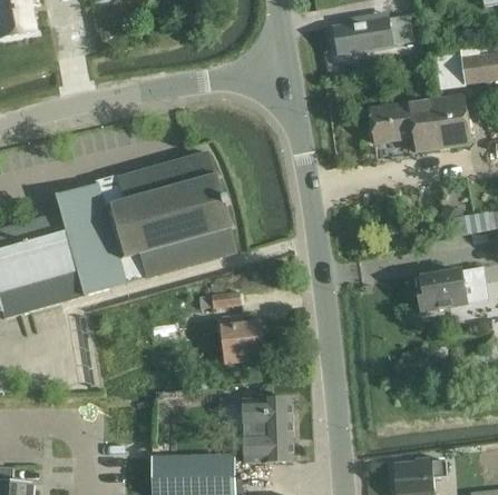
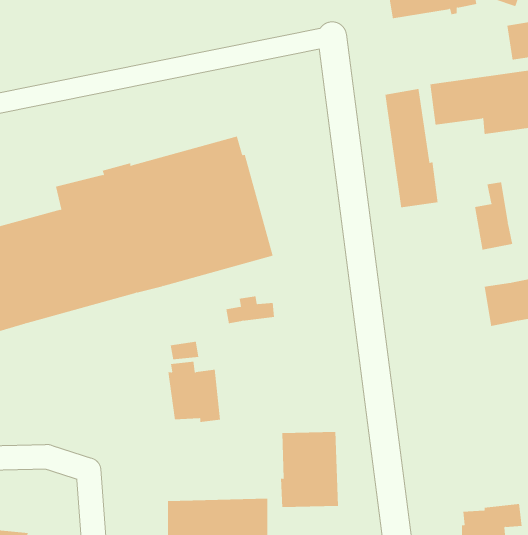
building: none -> [385,88,438,208]
building: none -> [474,182,513,251]
building: [219,315,264,366] -> [167,361,221,423]

